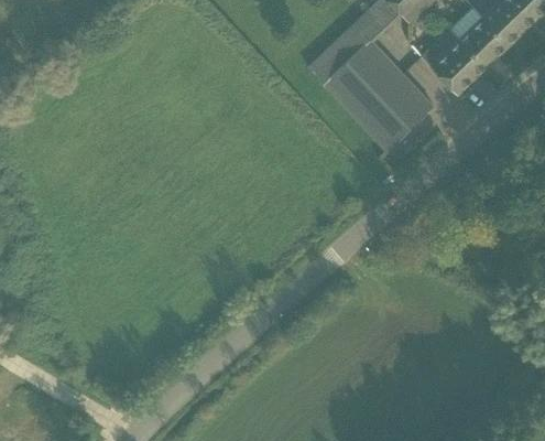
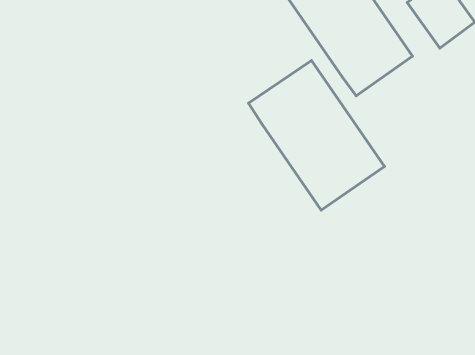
building: none -> [249,61,384,210]

